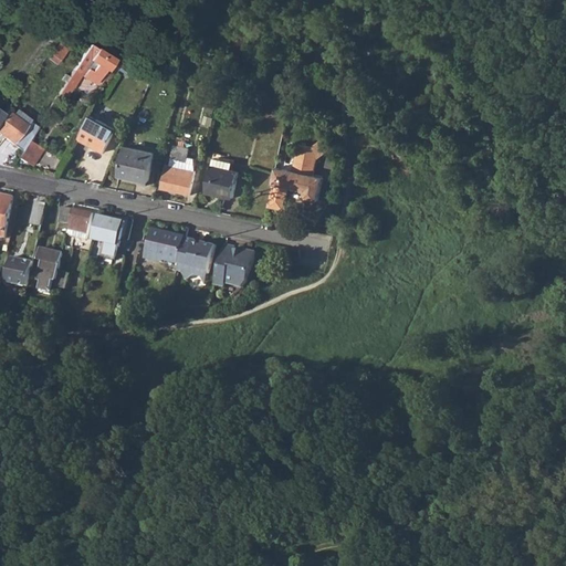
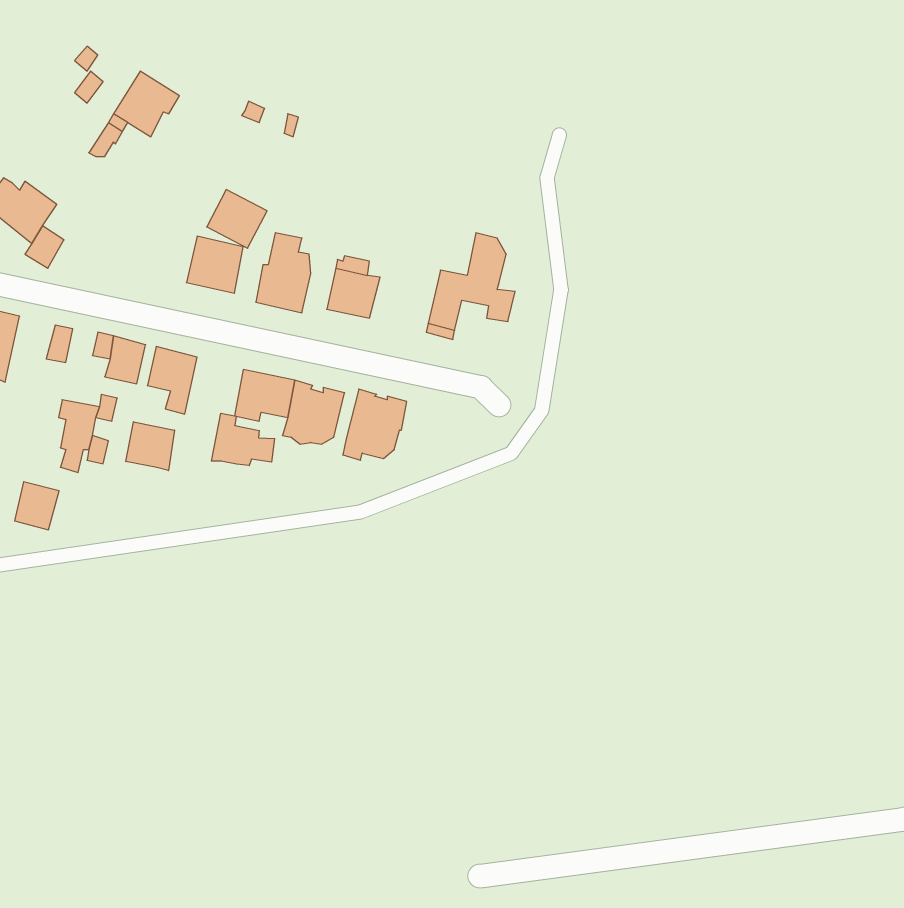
building: [76,116,114,153] -> [207,190,267,248]
building: [4,256,32,286] -> [15,482,59,530]
building: none -> [211,413,275,466]
building: none -> [126,422,174,471]

